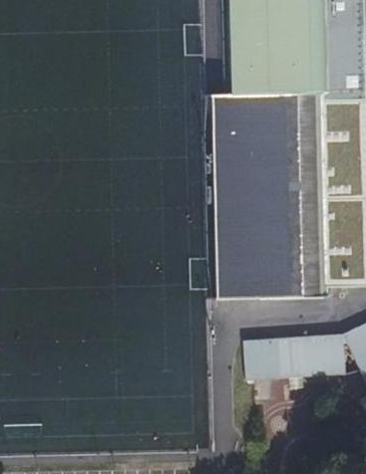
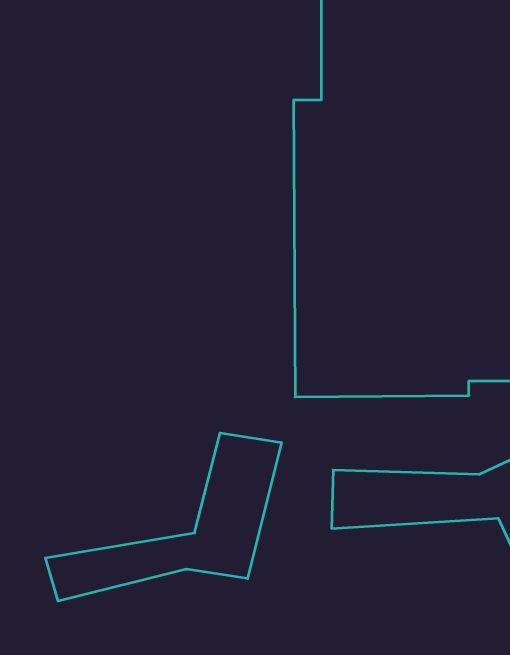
building: none -> [45,433,281,601]

